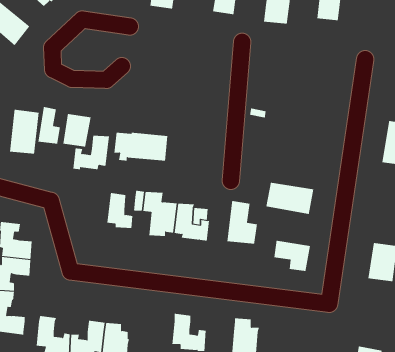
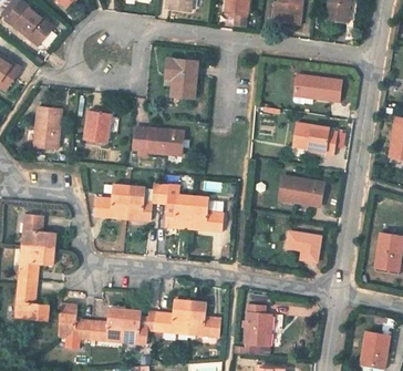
building: none -> [165,58,198,99]
building: none -> [293,75,342,104]
building: [38,106,61,145] -> none
building: none -> [292,123,338,155]
building: [73,135,110,170] -> [94,185,130,218]
building: [227,200,257,244] -> none
building: none -> [147,300,190,333]

